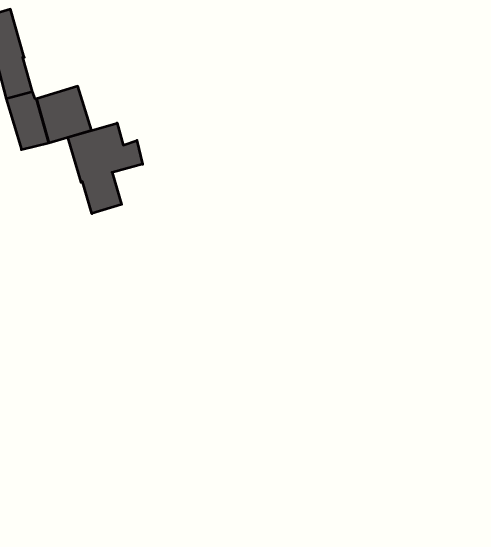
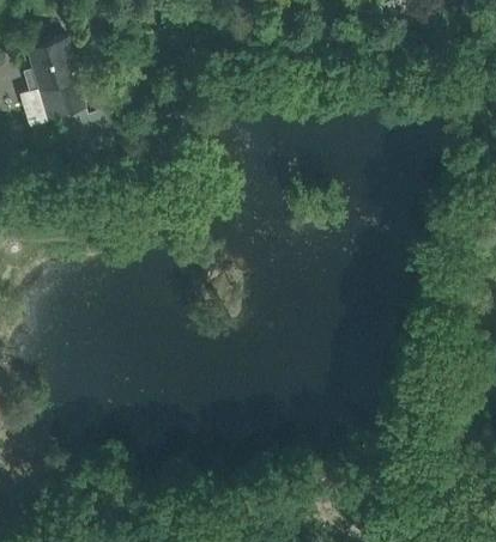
building: [68,123,143,214] -> none

